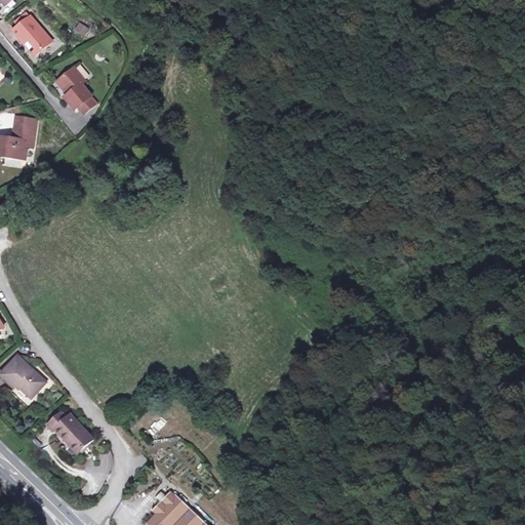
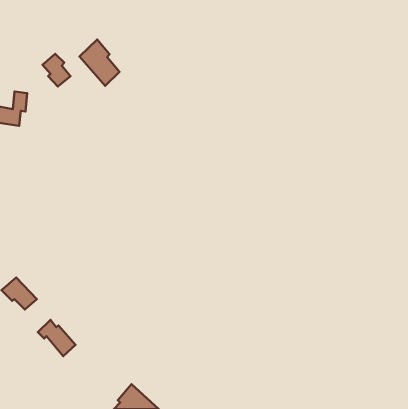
building: [11,13,49,52] -> none
building: none -> [80,40,120,86]

